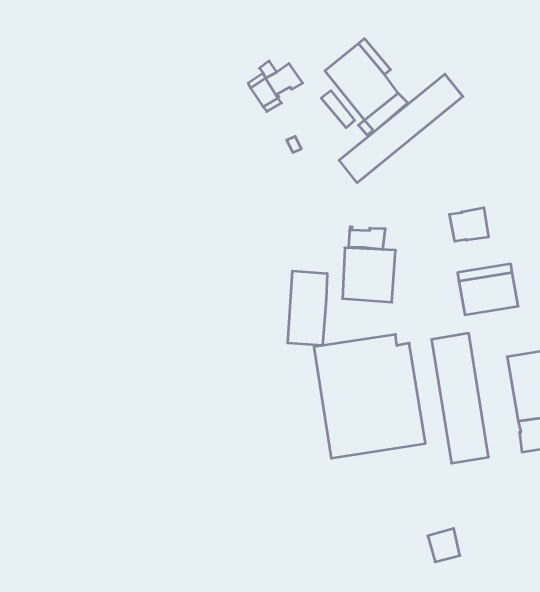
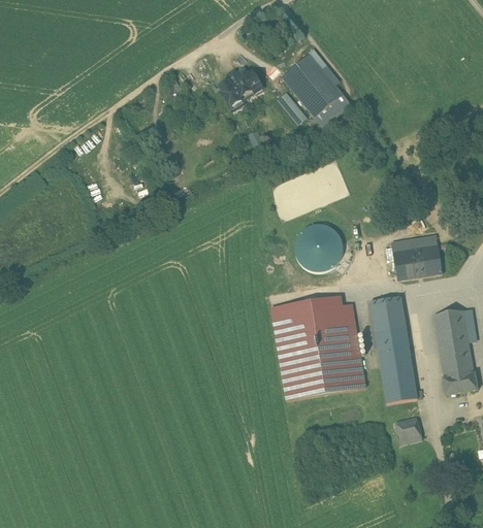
building: [339,74,463,183] -> none
building: [449,208,489,241] -> none
building: [349,227,385,250] -> none
building: [288,271,327,346] -> none
building: [428,528,460,562] -> [394,416,421,443]

